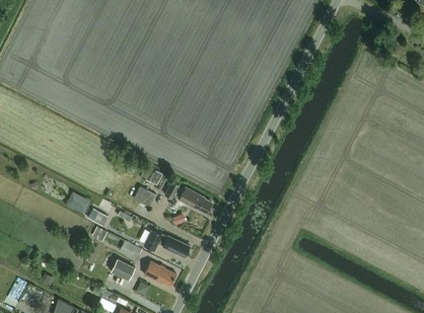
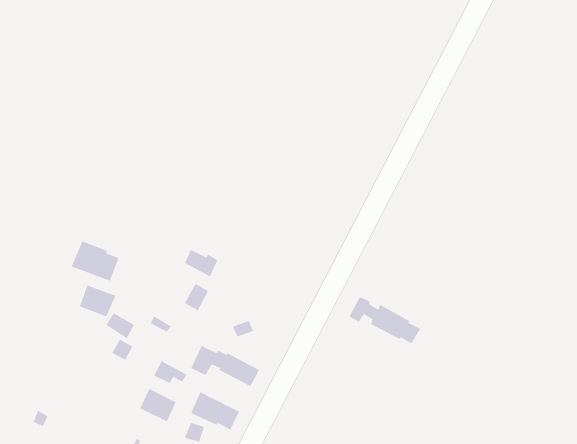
building: none -> [71,240,119,281]
building: [164,181,212,213] -> [349,296,421,344]

